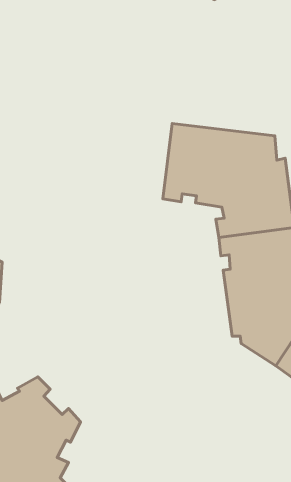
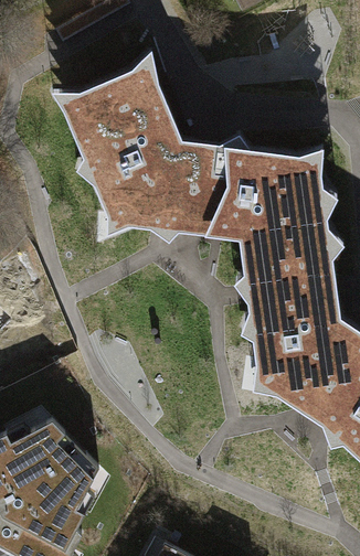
building: none -> [70,67,197,226]

